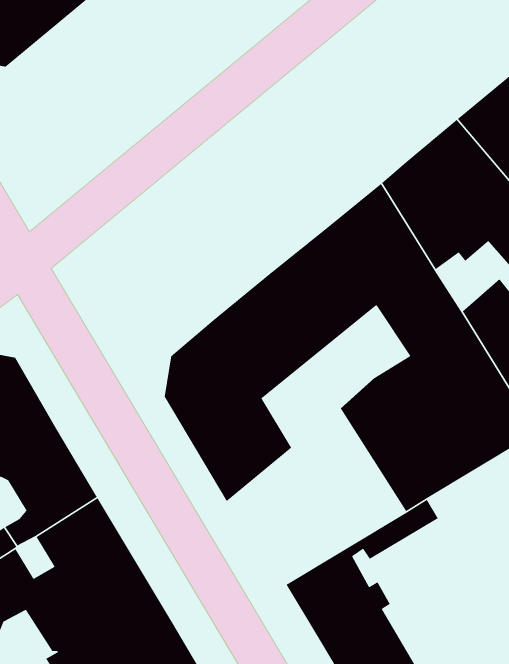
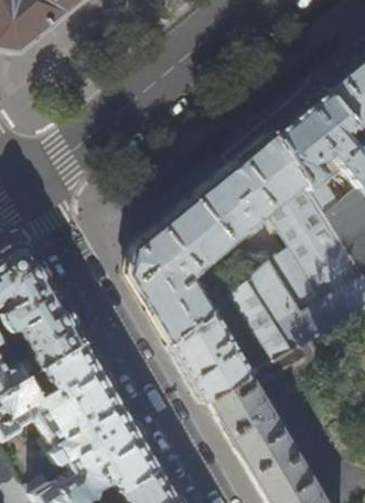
building: none -> [171,283,291,404]

